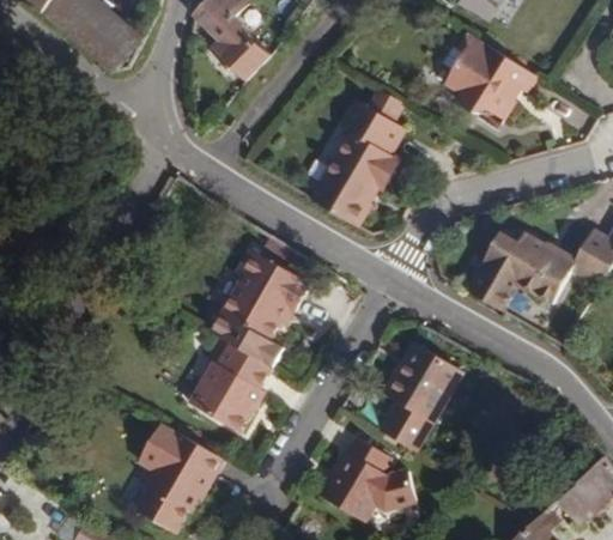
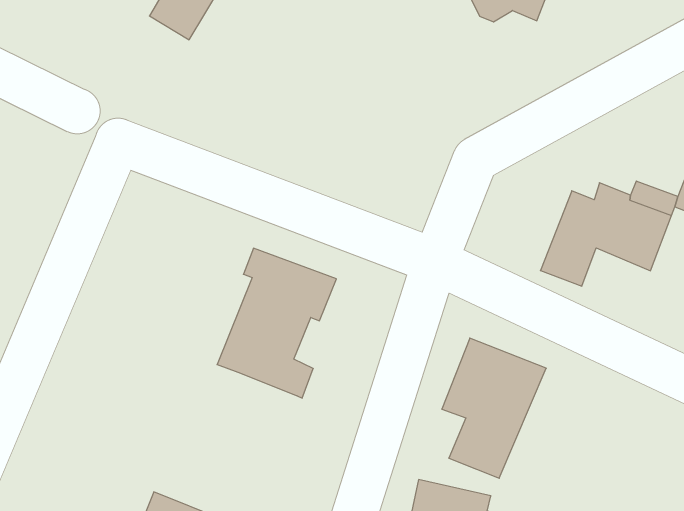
building: [304,105,401,232] -> none
building: [190,336,273,426] -> none

